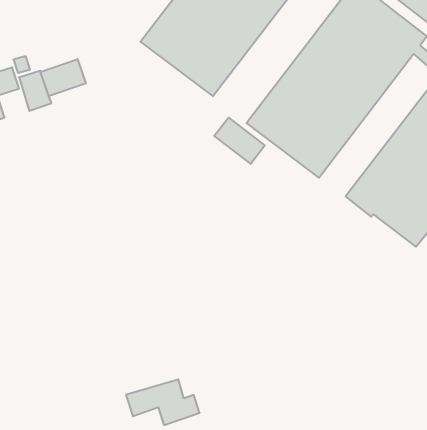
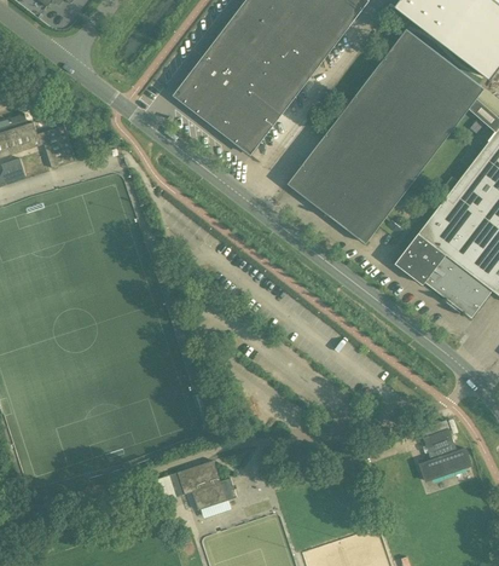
building: [41,59,86,96] -> none
building: [214,118,265,164] -> none
building: none -> [419,428,471,481]

